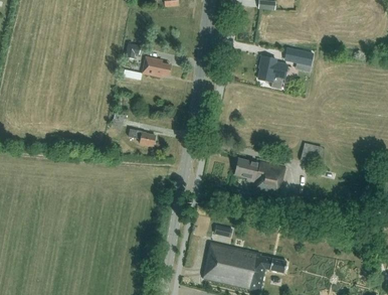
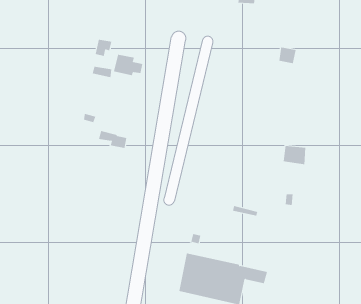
building: [258,55,287,89] -> none
building: [234,157,285,197] -> none

